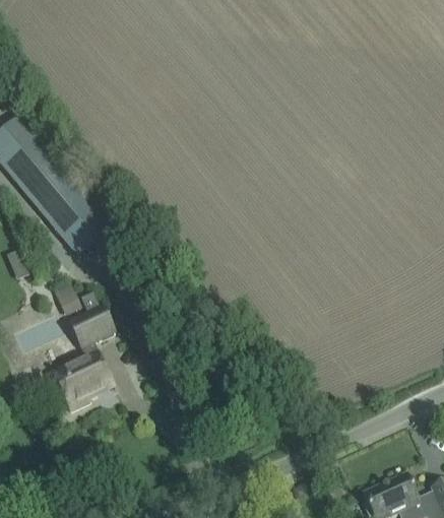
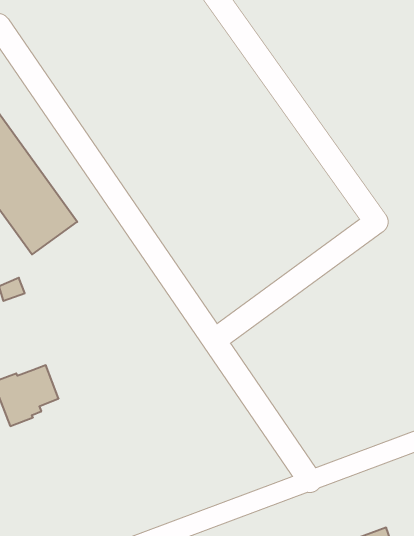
building: [71,310,114,361] -> none

